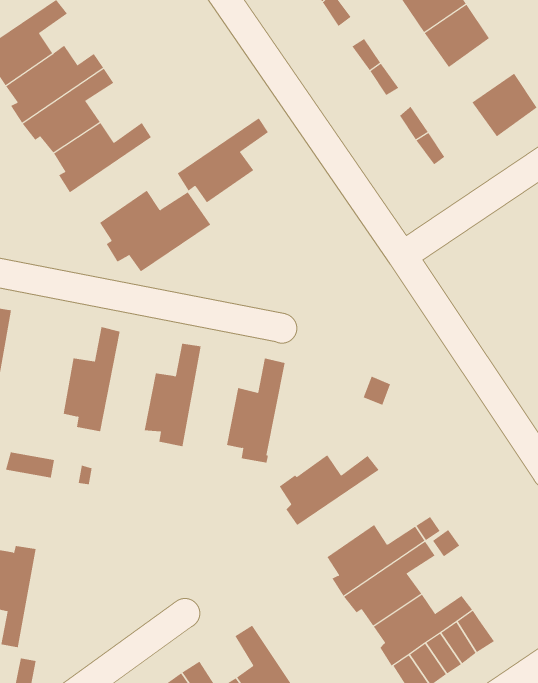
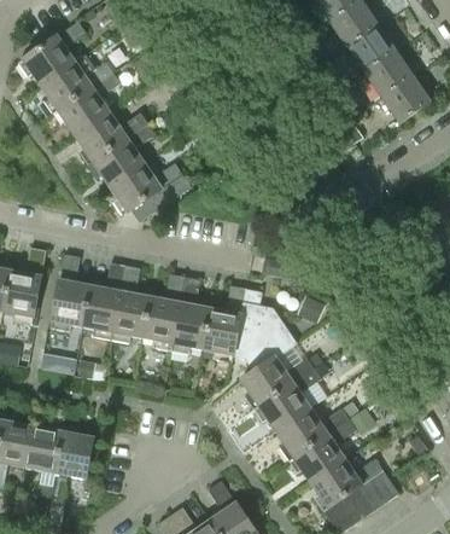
building: none -> [364,51,413,98]
building: [177,117,269,203] -> [87,123,154,186]
building: none -> [49,254,89,331]
building: none -> [110,266,150,343]
building: none -> [170,277,210,354]
building: none -> [232,289,297,372]
building: none -> [253,367,321,431]
building: none -> [49,425,93,500]

